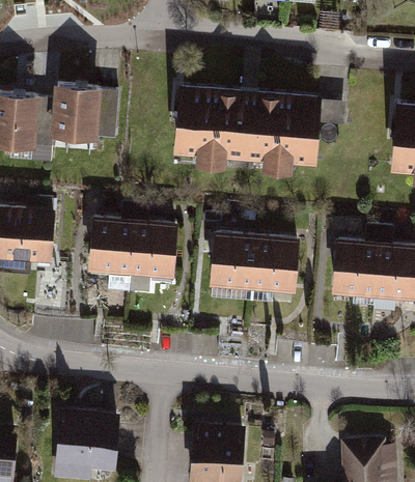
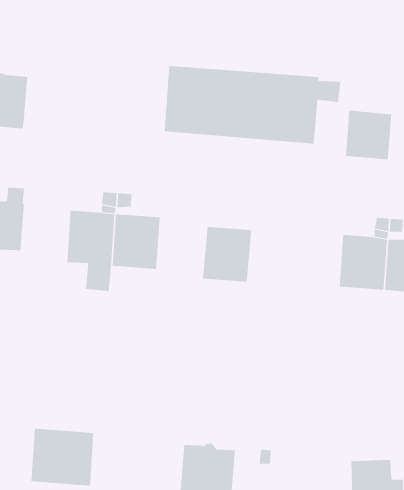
building: [53,89,118,142] -> none
building: none -> [345,110,392,160]
building: [252,240,296,290] -> none

